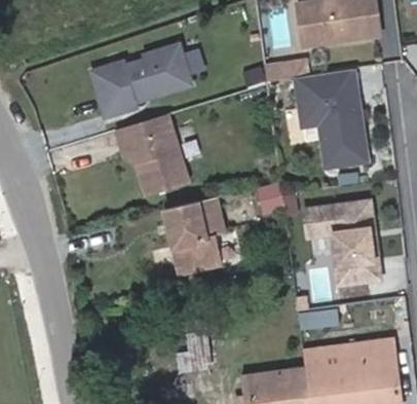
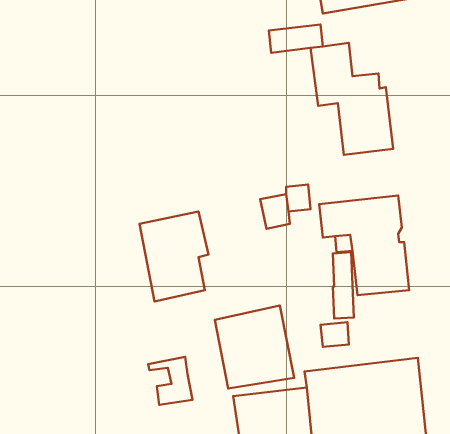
building: [94,58,195,127] -> none
building: [332,68,363,109] -> none
building: [116,127,187,208] -> none
building: none -> [215,305,294,389]

